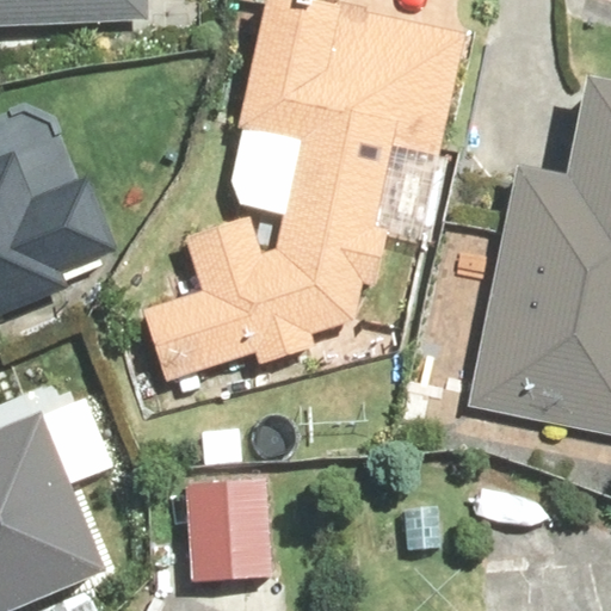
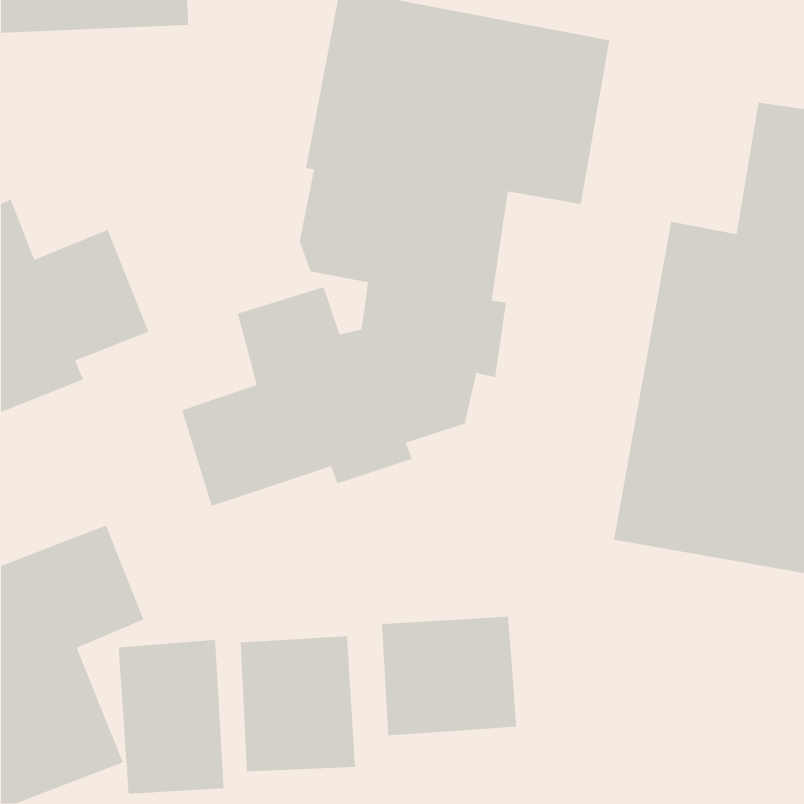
building: none -> [381,616,517,736]
building: none -> [118,639,225,794]

